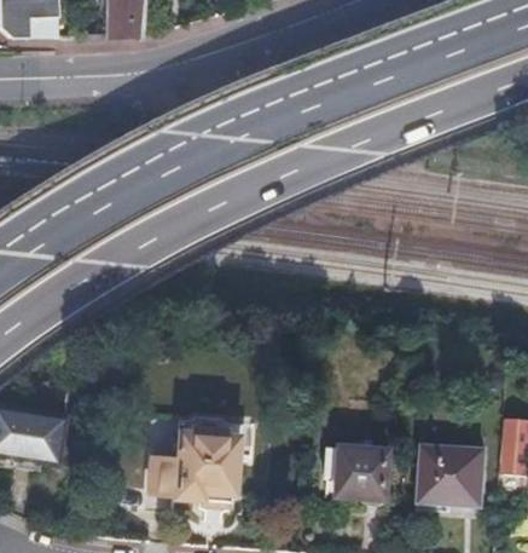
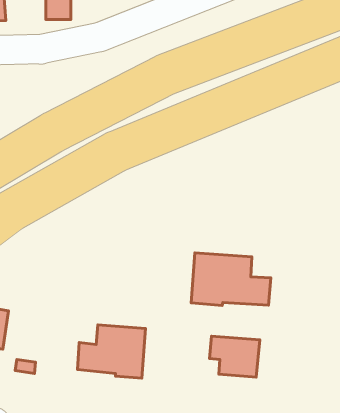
building: none -> [191,253,271,305]
building: [418,445,485,507] -> none

